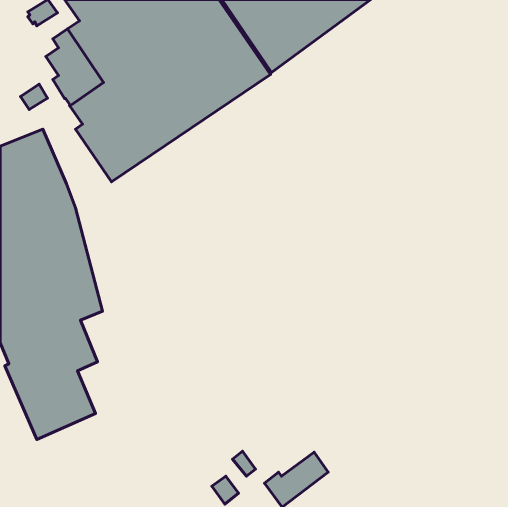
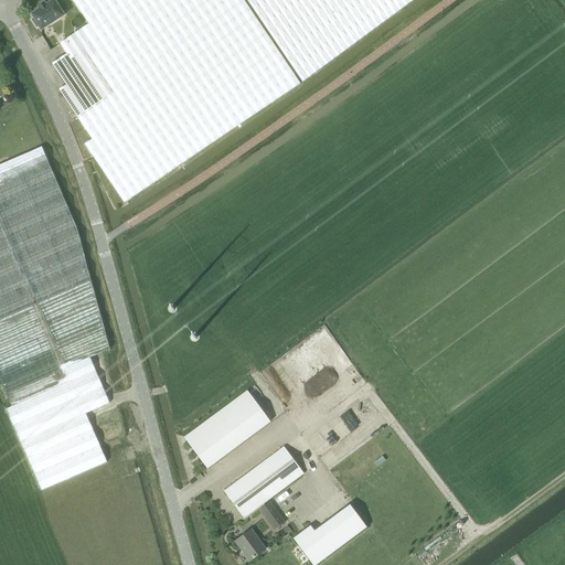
building: [20,84,48,110] -> none
building: none -> [184,390,269,468]
building: none -> [224,446,303,516]

